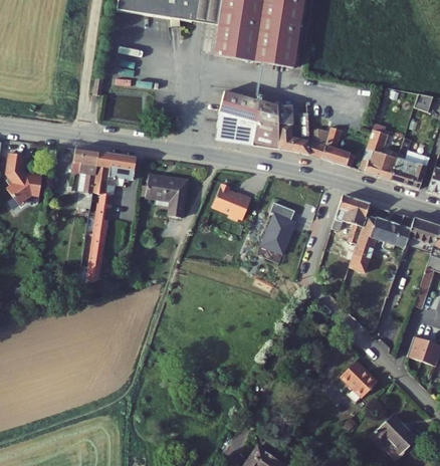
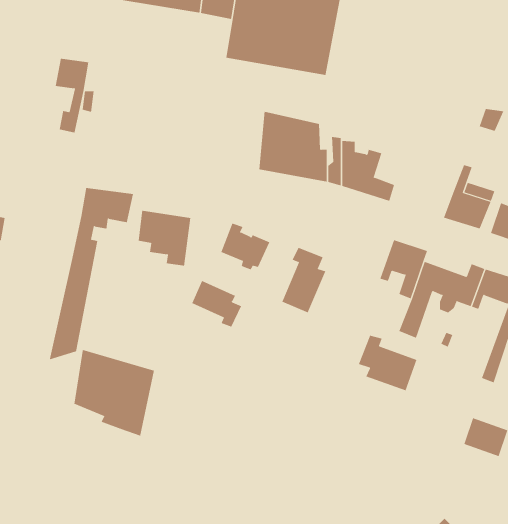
building: [214,86,246,140] -> none
building: [358,127,396,178] -> none
building: [78,151,105,210] -> [55,58,89,133]
building: none -> [191,280,242,327]
building: none -> [358,335,417,391]
building: none -> [74,349,155,437]
building: [338,363,375,406] -> none

